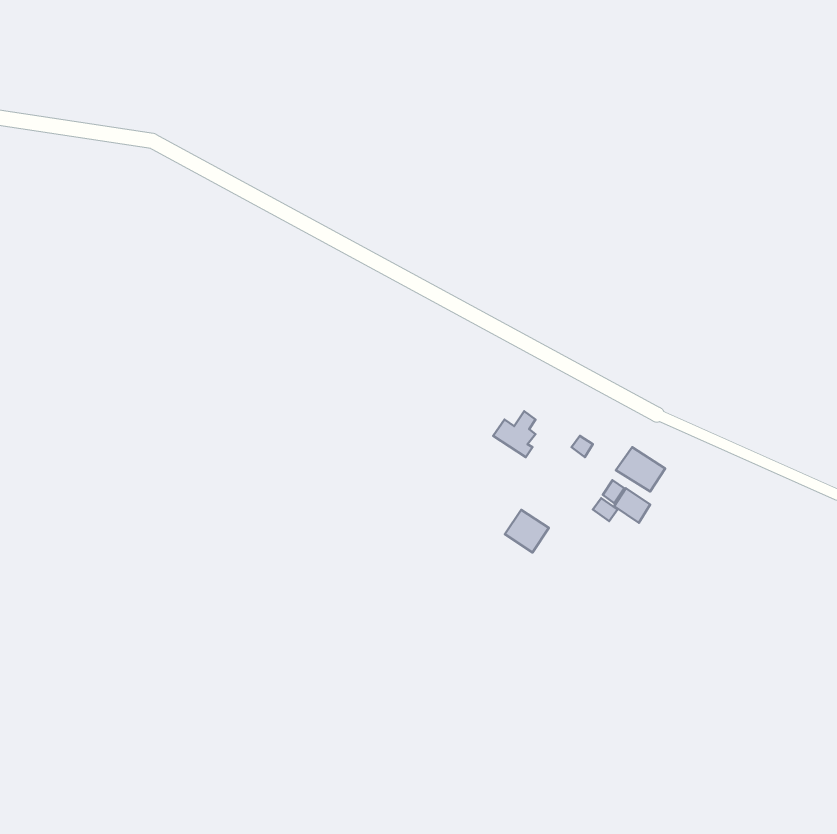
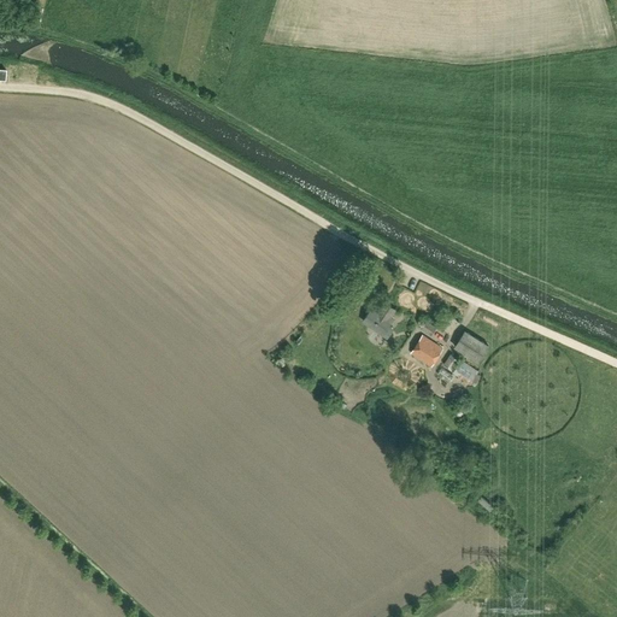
building: [505,510,549,552] -> [411,337,443,369]

